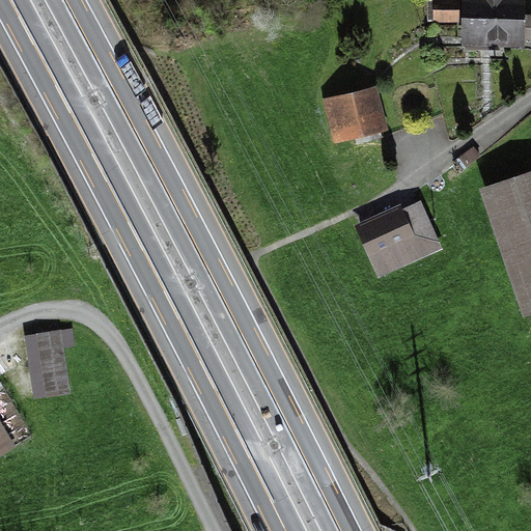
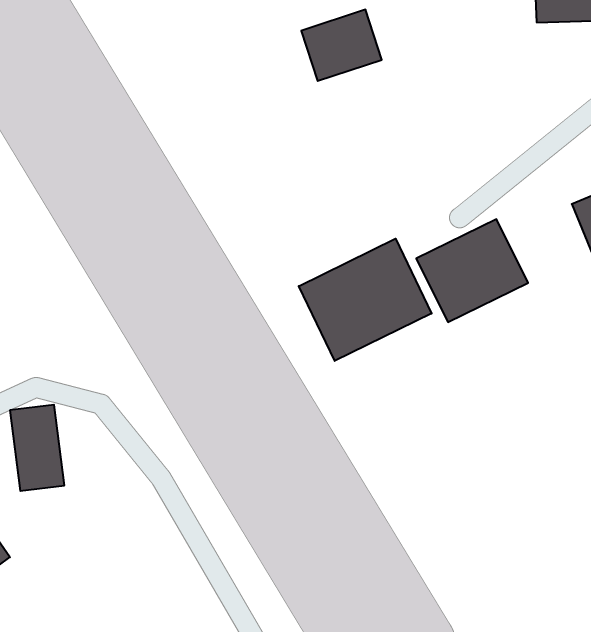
building: [326,89,388,143] -> [301,10,382,81]
building: none -> [299,239,432,361]

